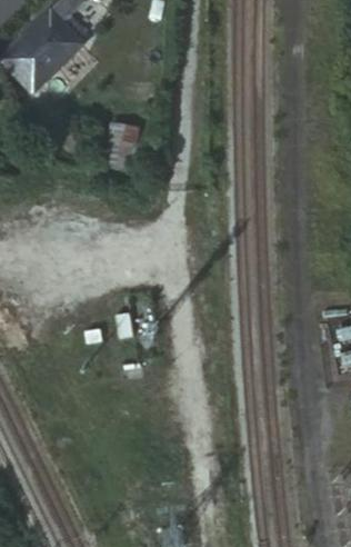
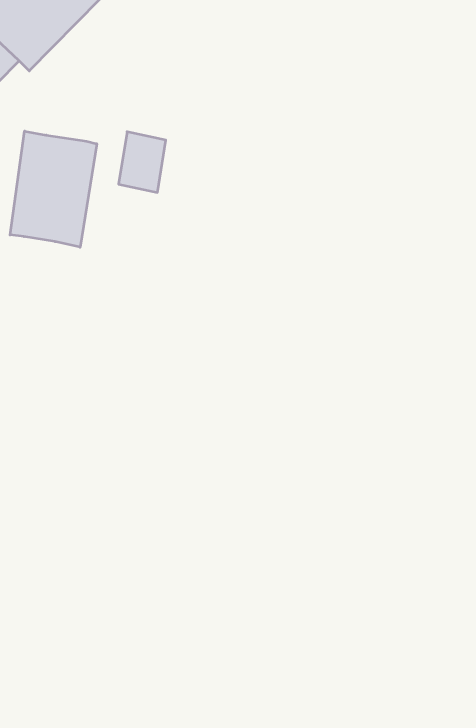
building: none -> [10,131,97,247]

